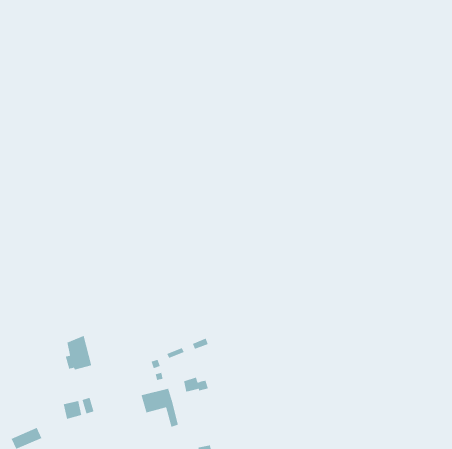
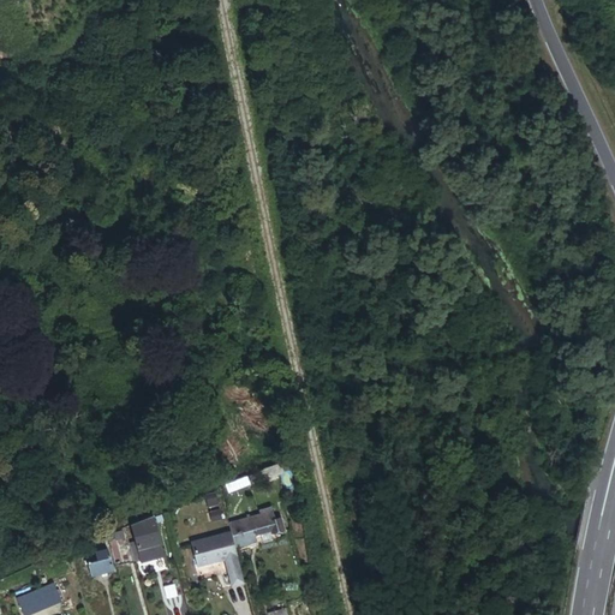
building: [65,335,92,370] -> [130,513,167,561]
building: none -> [228,508,273,548]

